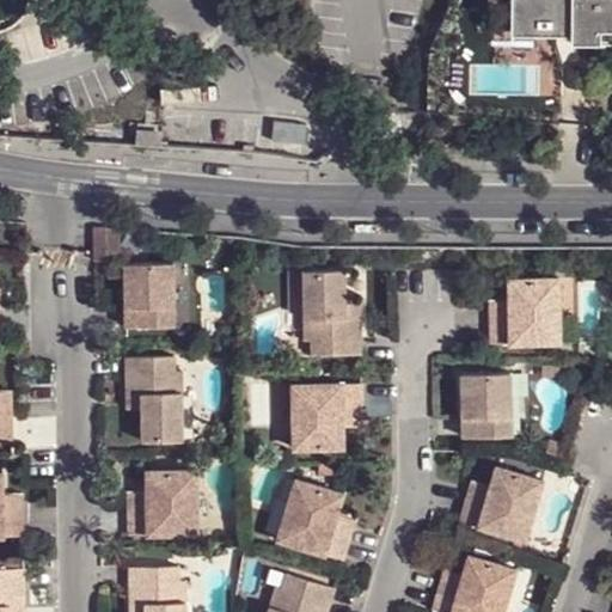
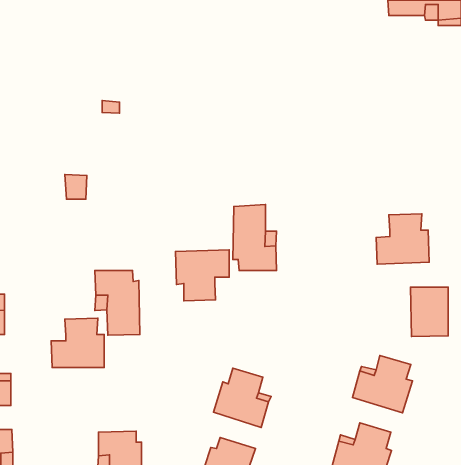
building: [123,261,175,326] -> none
building: [463,377,512,441] -> [411,287,448,337]
building: [292,384,362,451] -> [175,250,229,301]
building: [127,470,196,534] -> [51,318,104,367]

